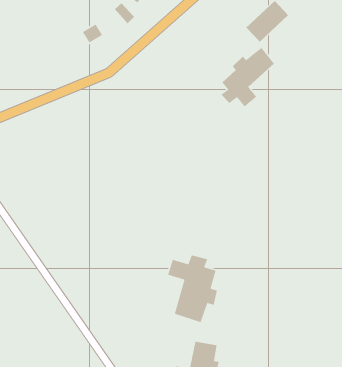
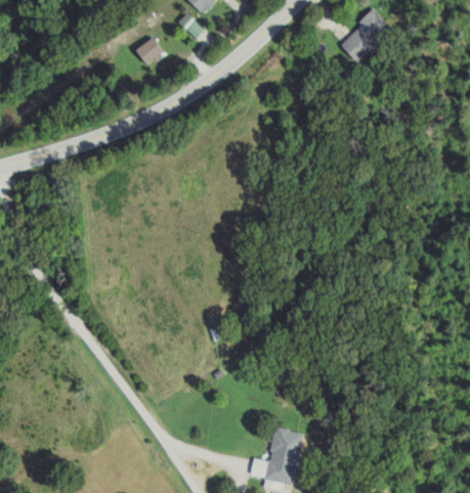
building: [221,47,275,108] -> none
building: [167,255,218,323] -> none

